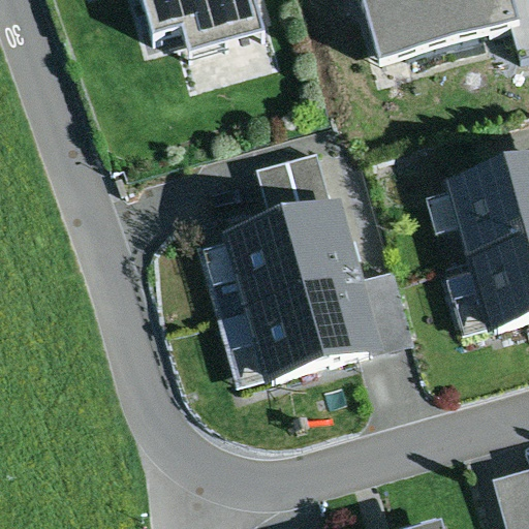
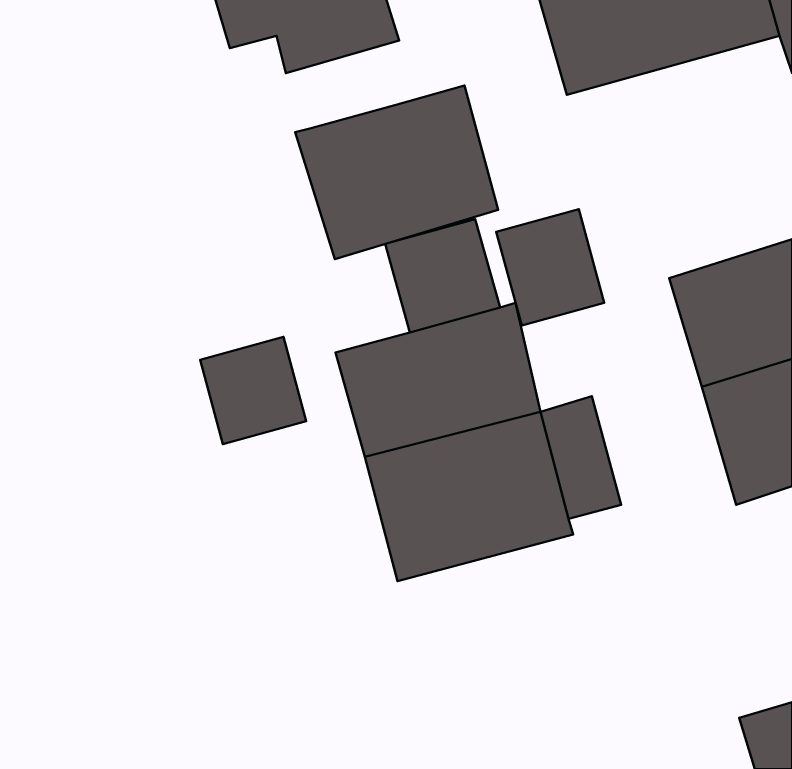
building: none -> [295,86,498,259]
building: none -> [496,209,604,326]
building: none -> [200,337,306,444]

